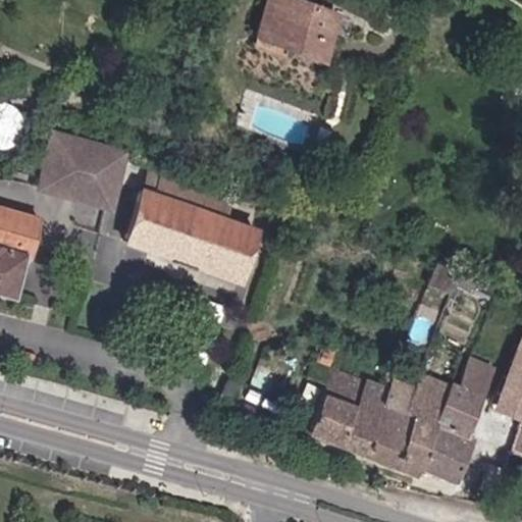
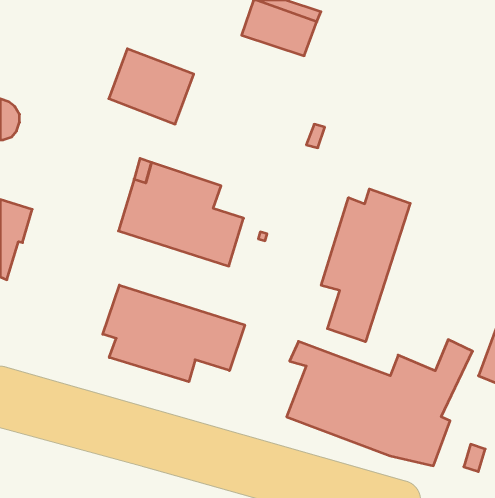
building: [40,133,128,211] -> [109,49,194,124]
building: none -> [321,189,410,342]
building: none -> [103,285,245,382]

